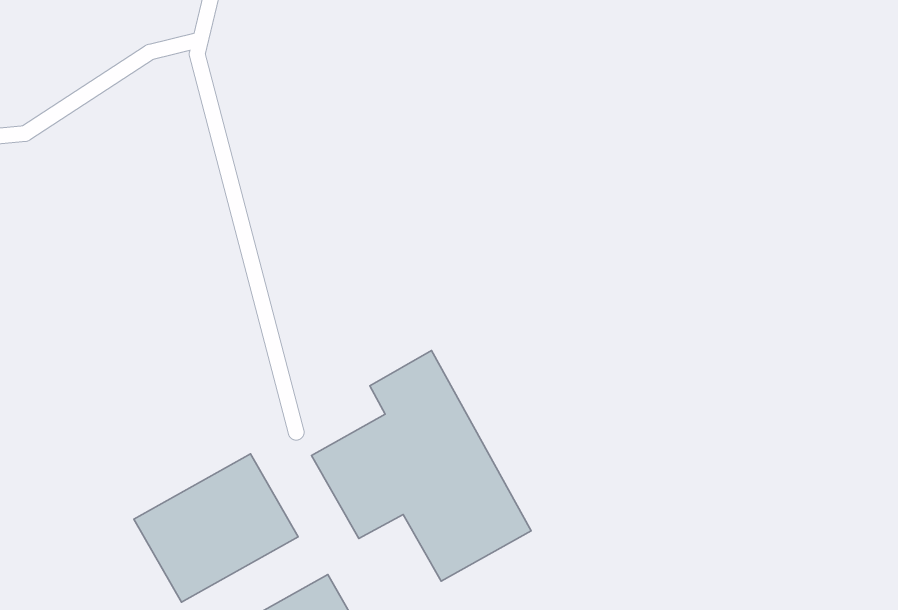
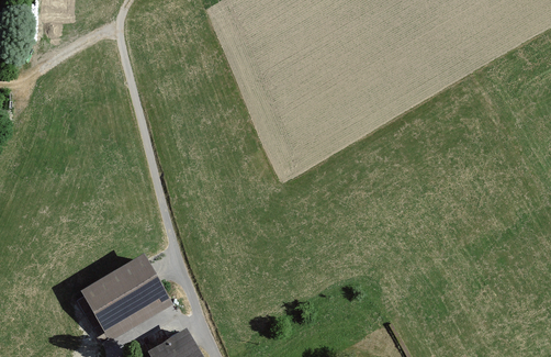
building: [311,351,531,581] -> none

